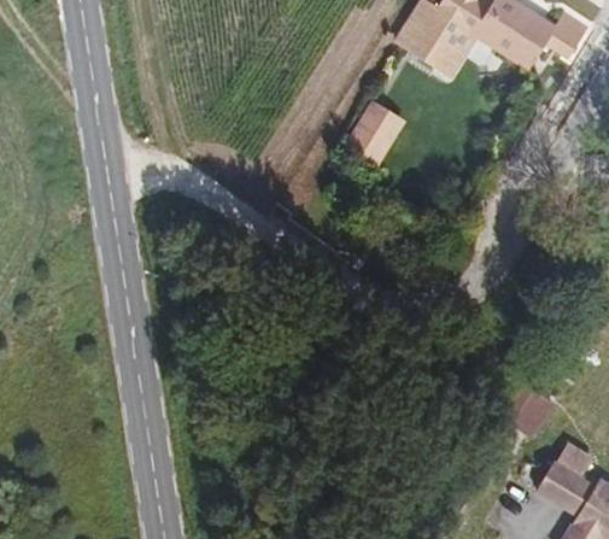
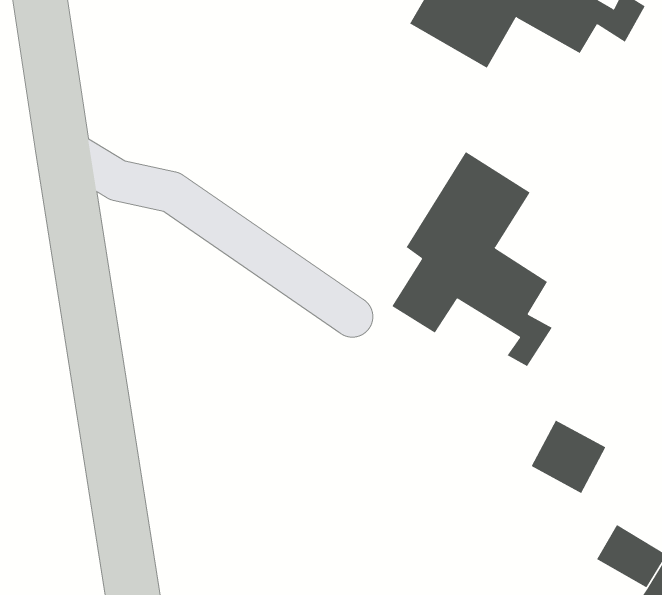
building: [339,99,405,171] -> none
building: none -> [391,151,552,367]

